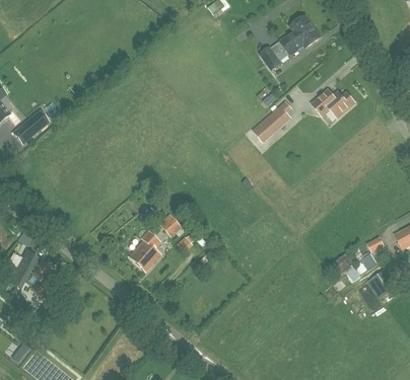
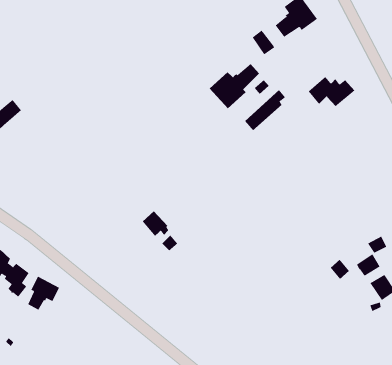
building: none -> [209,63,260,109]
building: [130,231,160,271] -> none
building: none -> [27,276,60,310]

